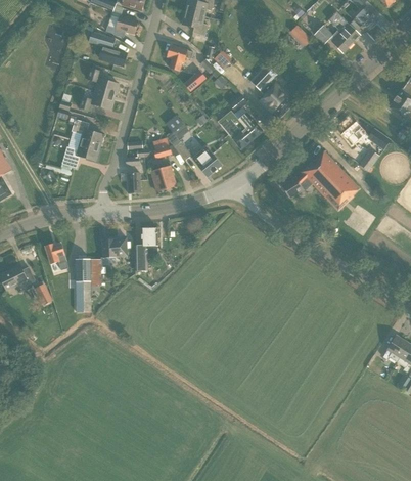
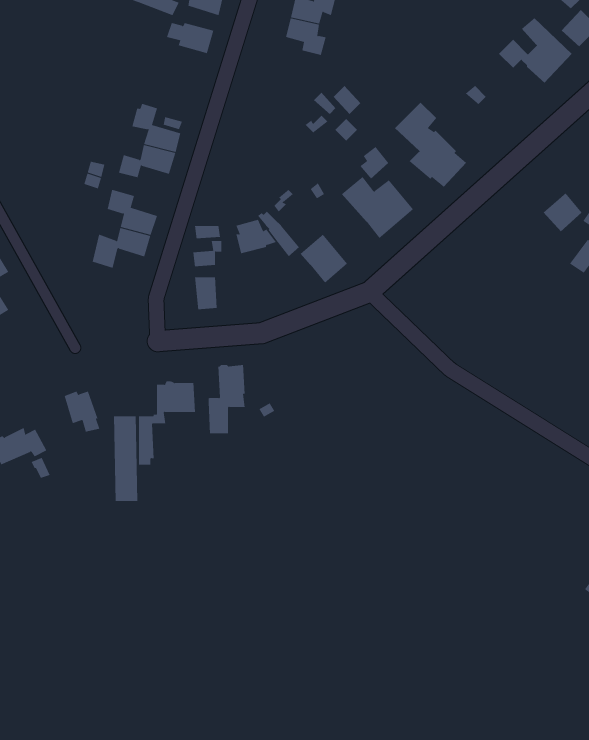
building: [88,33,127,65] -> none
building: [167,44,193,70] -> none
building: [281,150,359,210] -> none
building: [150,165,176,191] -> none

